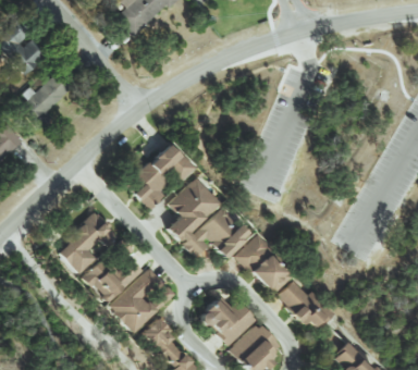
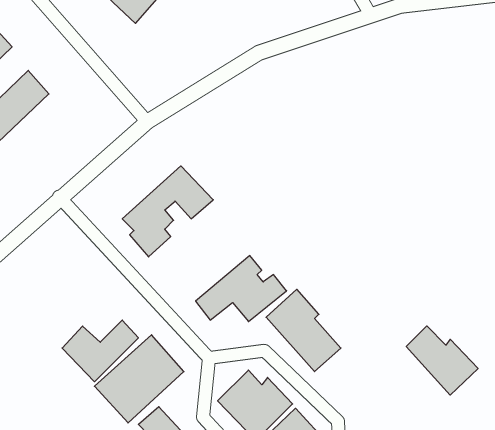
building: [168,176,221,240] -> none
building: [57,212,118,273] -> none
building: [278,280,331,331] -> [406,326,478,395]

